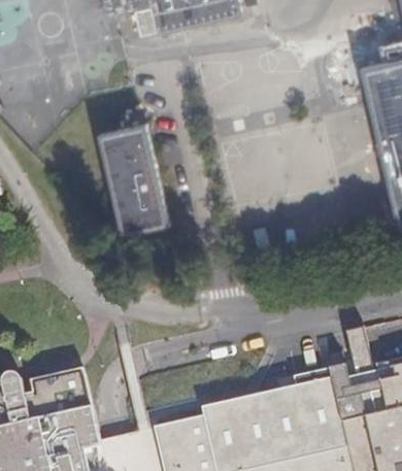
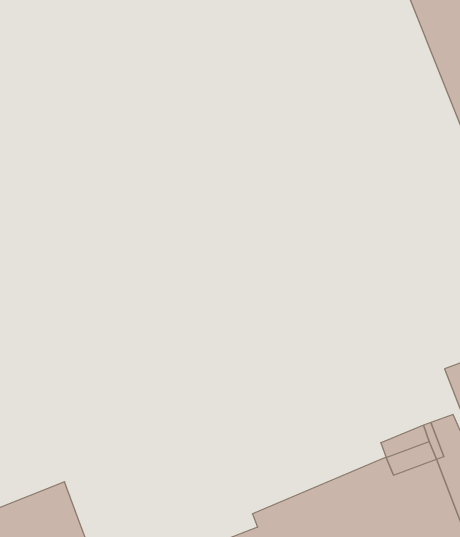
building: [98,123,168,234] -> none

